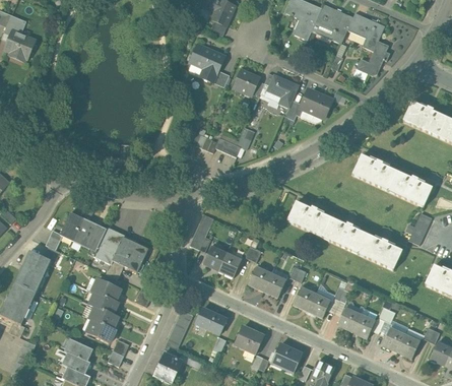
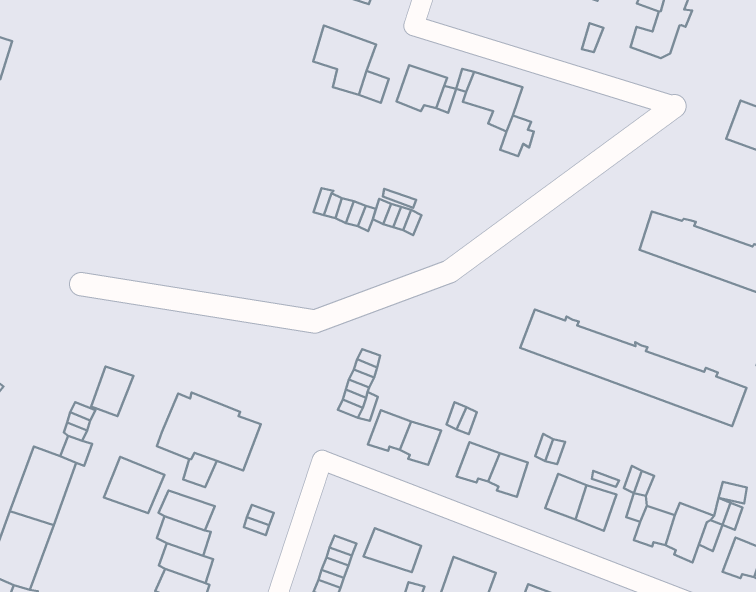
building: [300,88,332,117] -> none
building: [74,217,107,248] -> [104,457,165,513]

